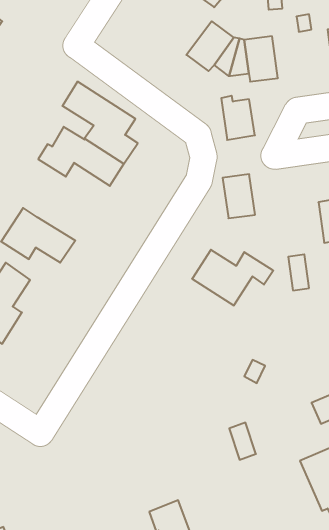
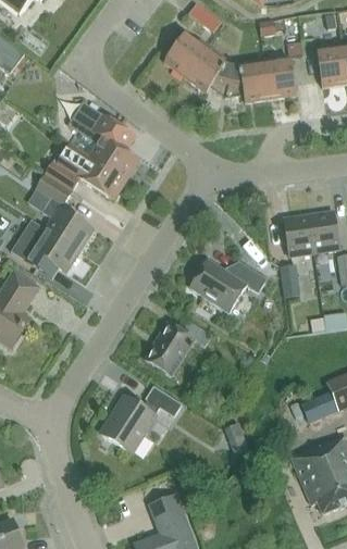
building: none -> [164,34,209,77]
building: [221,96,255,140] -> [265,58,297,99]
building: none -> [37,175,95,251]
building: [223,174,255,218] -> [284,215,314,257]
building: none -> [146,320,212,376]
building: none -> [101,385,183,452]

